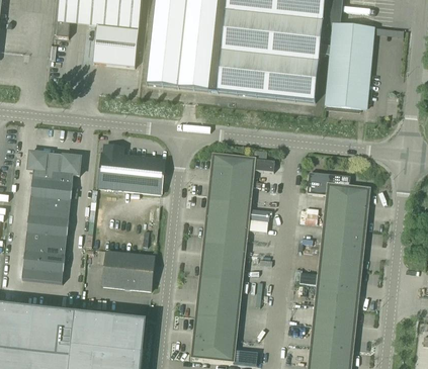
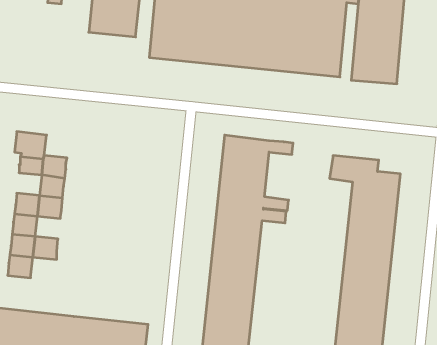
building: [98,145,165,193] -> none
building: [54,154,81,175] -> none
building: [29,187,52,207] -> none
building: [46,225,68,246] -> none
building: [103,251,155,290] -> none
building: [41,262,65,282] -> none

